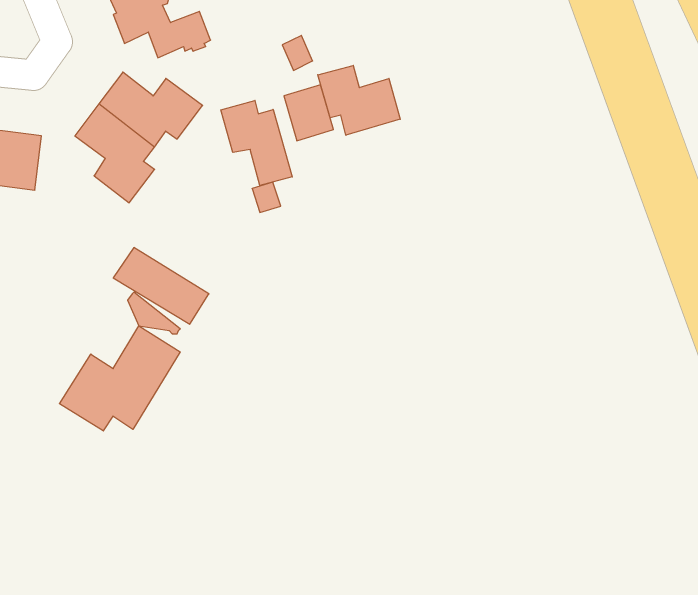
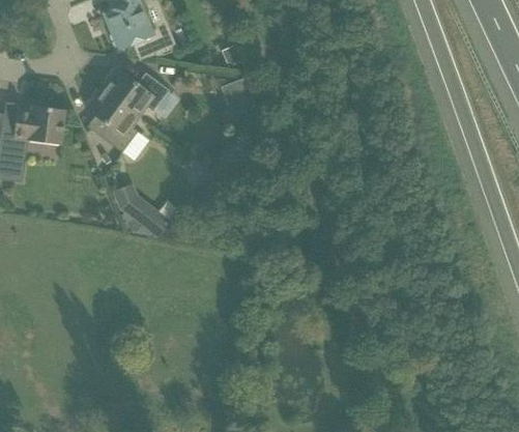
building: [318,65,400,135] -> none
building: [221,100,292,186] -> none
building: [59,326,180,431] -> none

